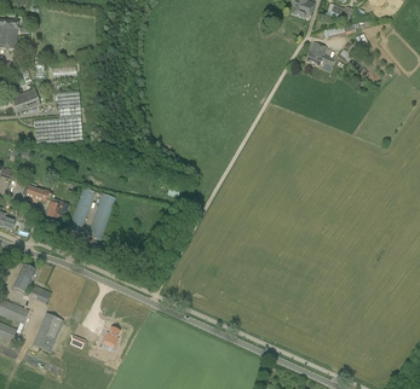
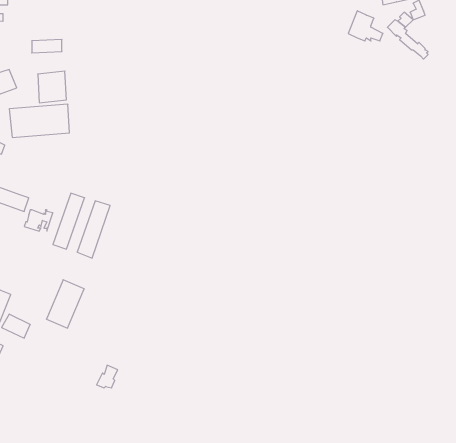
building: [31,312,62,350] -> [46,280,84,328]

